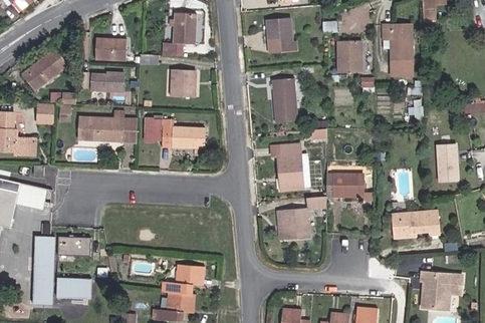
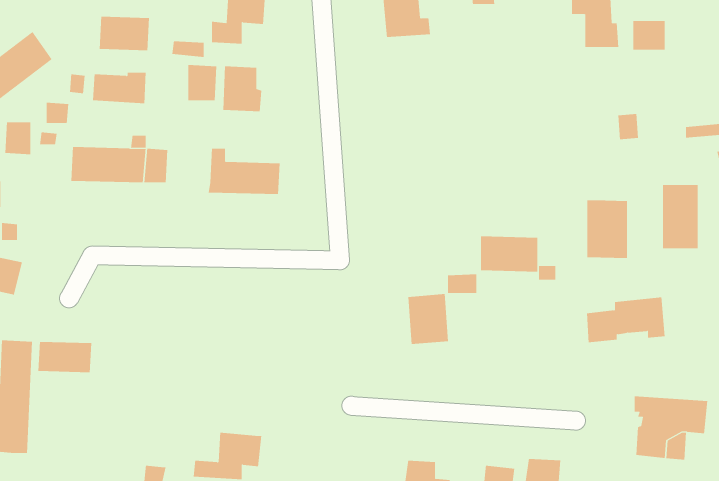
building: [336,40,360,71] -> none
building: [391,58,411,76] -> [632,20,665,50]
building: [271,78,296,121] -> none
building: [145,118,163,140] -> [187,64,217,101]
building: [270,142,301,189] -> none
building: none -> [587,199,628,259]
building: [162,265,203,294] -> none
building: [56,278,91,298] -> none

